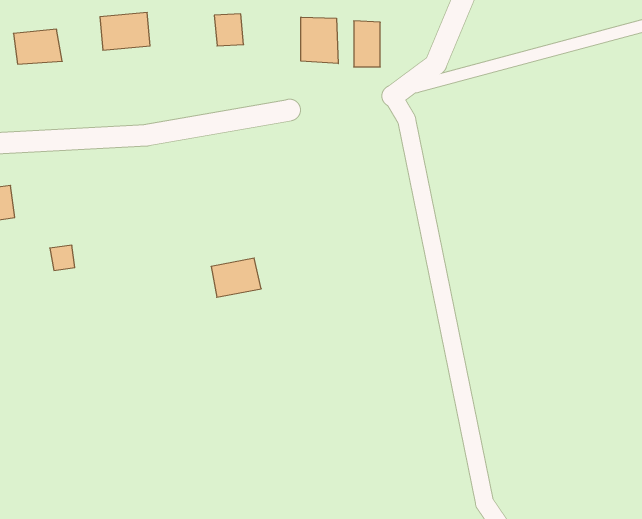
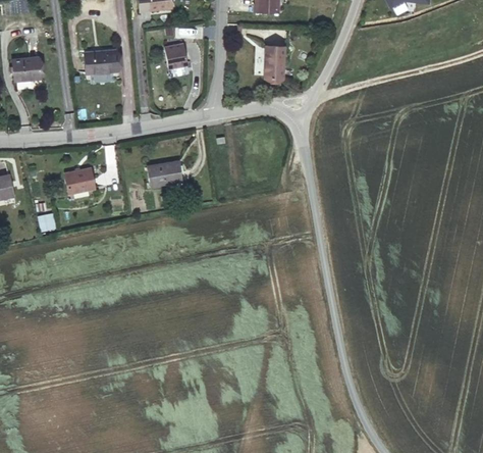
building: [301,17,338,64] -> none
building: none -> [62,165,93,192]
building: [211,258,261,297] -> [147,160,183,189]

